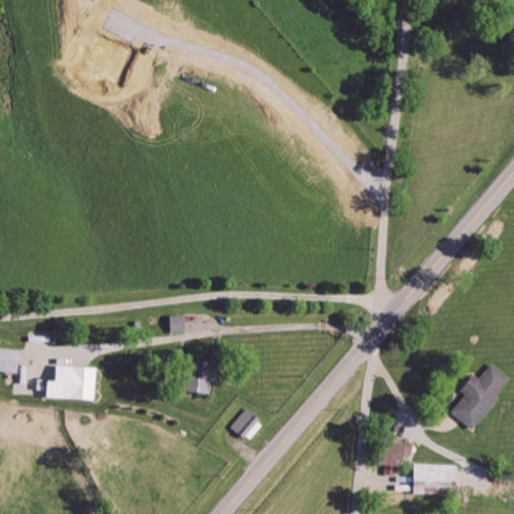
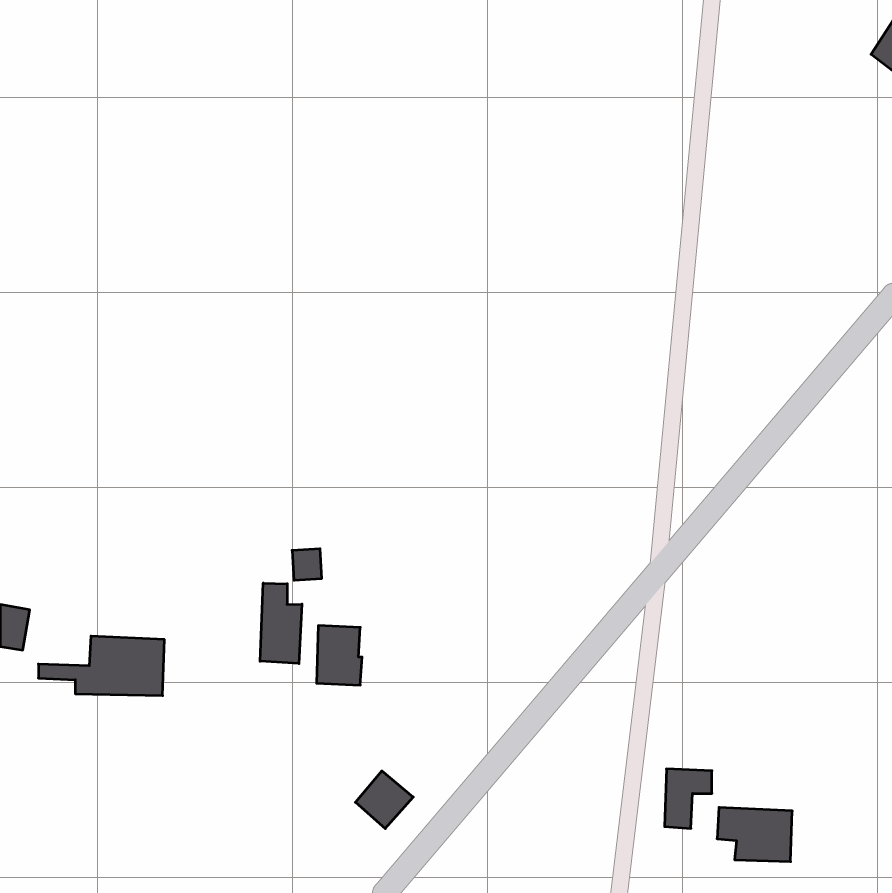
building: none -> [260,583,302,664]
building: [451,363,509,430] -> none
building: [232,409,265,442] -> [355,771,413,829]

